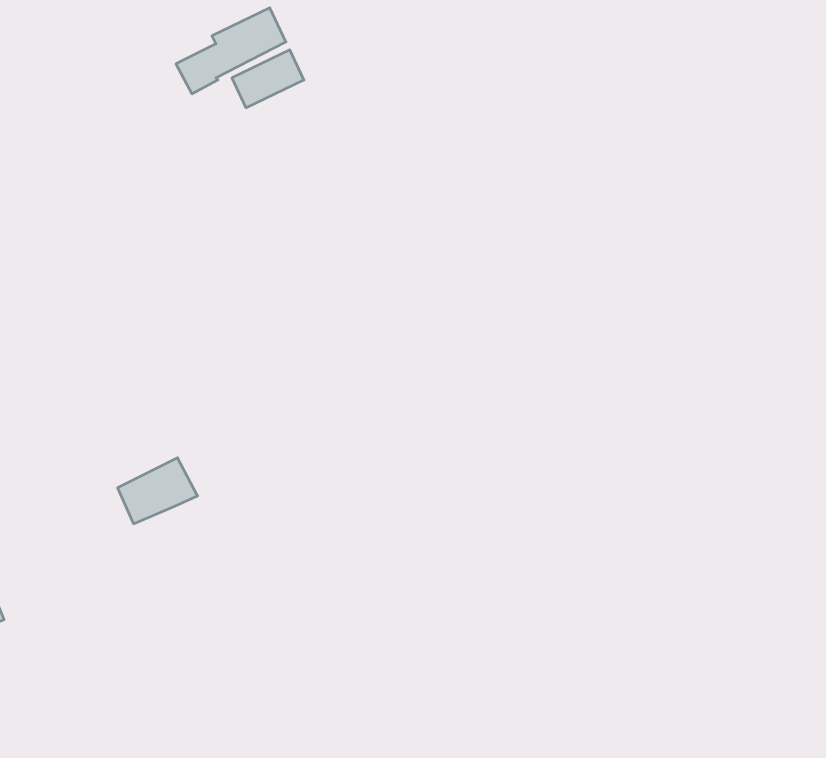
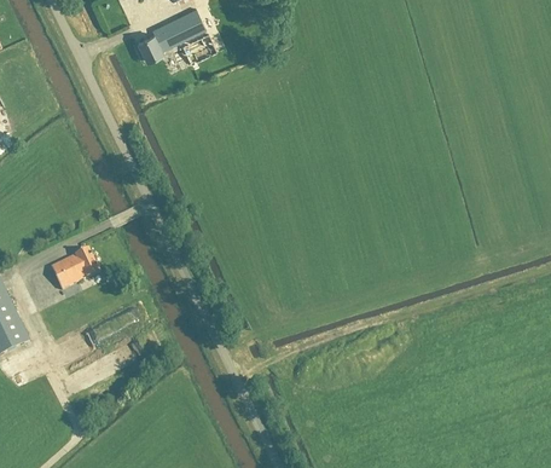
building: [118,458,198,524] -> [51,248,99,288]

